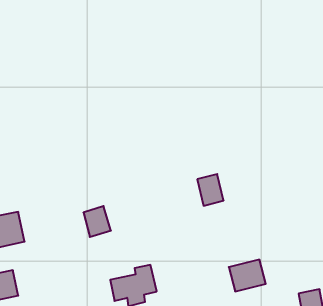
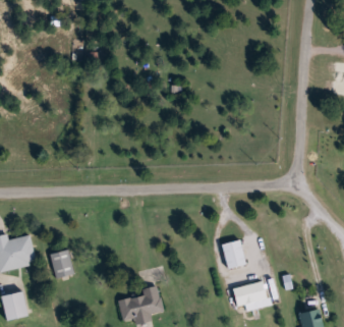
building: [197,174,224,206] -> [221,239,246,270]
building: [83,206,111,237] -> [49,250,75,279]

